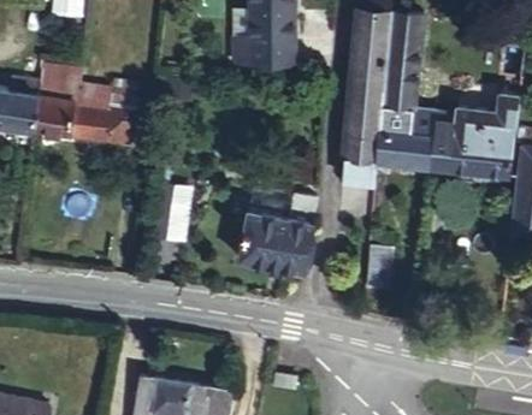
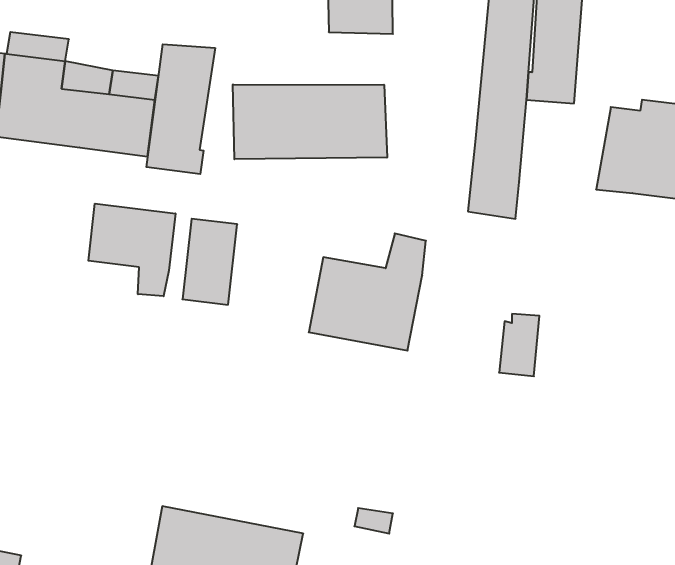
building: none -> [146,44,215,174]
building: none -> [233,84,387,159]
building: [377,107,437,166] -> none
building: none -> [88,204,175,296]

